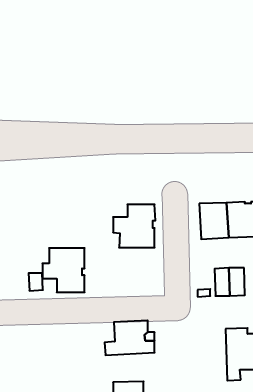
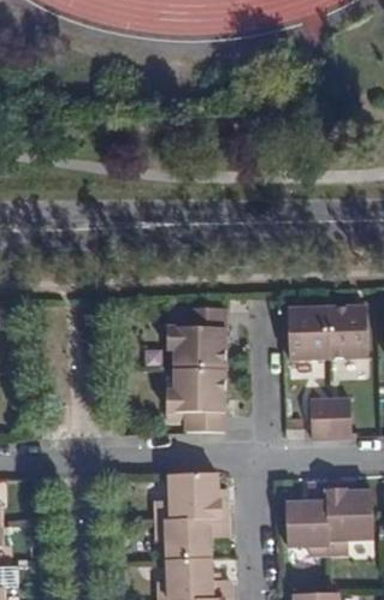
building: [42,248,85,292] -> [165,369,225,432]
building: none -> [286,485,329,558]
building: none -> [155,518,226,560]

